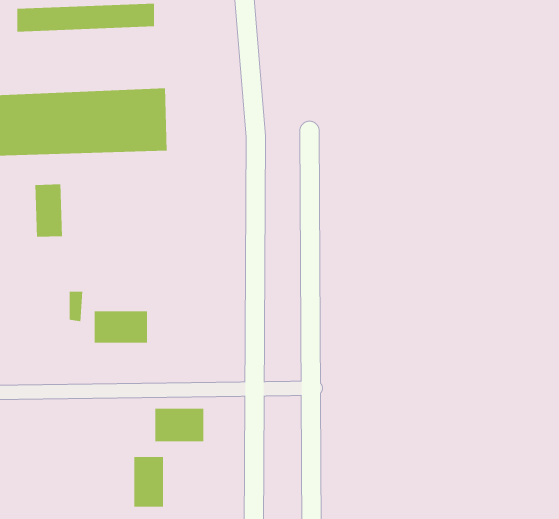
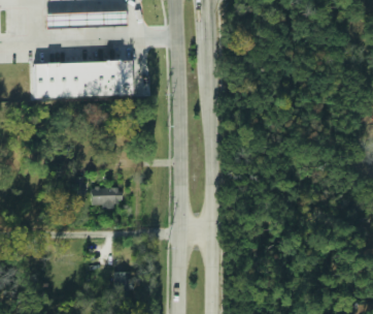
building: [35,184,63,238] -> none
building: [155,408,204,442] -> none

